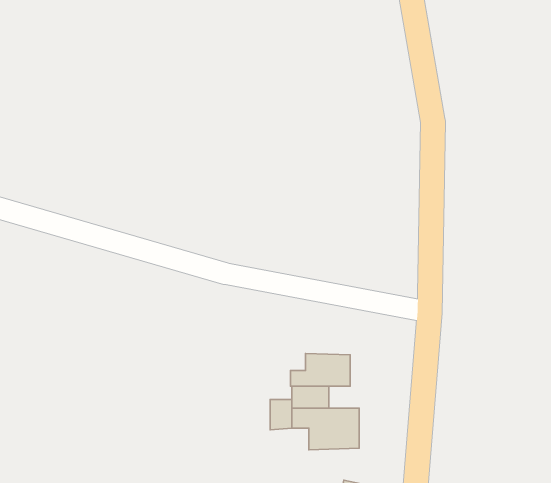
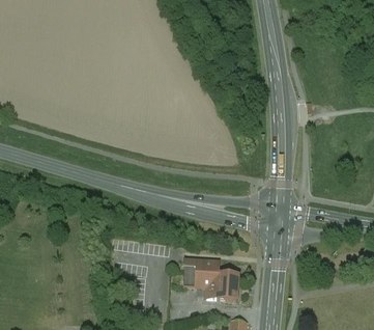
building: [291,353,350,386] -> none

